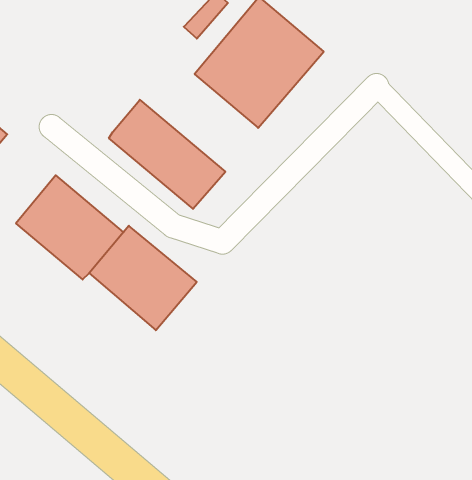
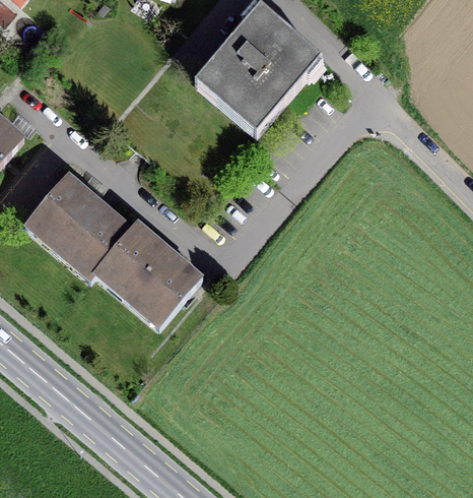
building: [109,100,225,209] -> none

